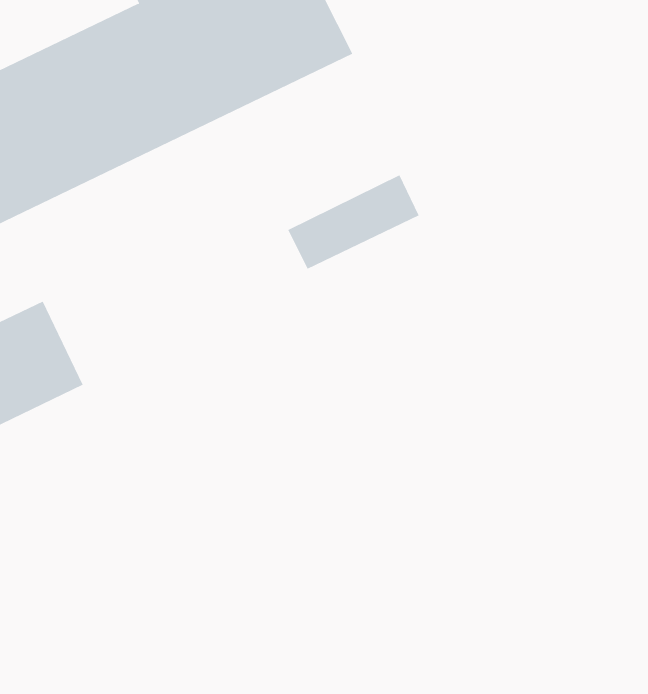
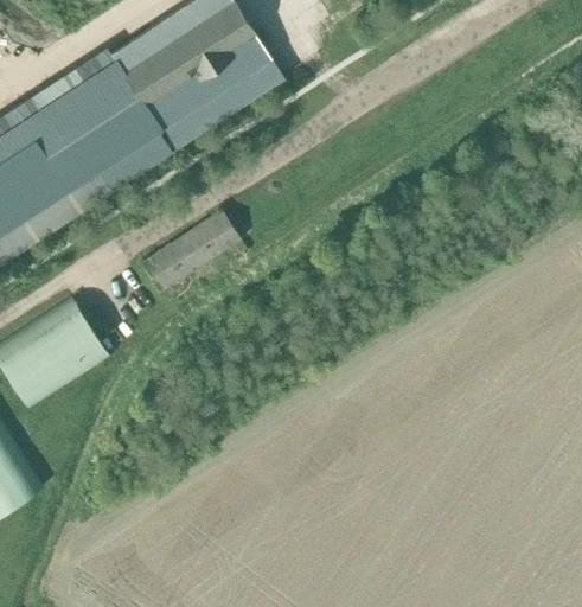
building: [288,174,419,269] -> [140,210,239,292]

